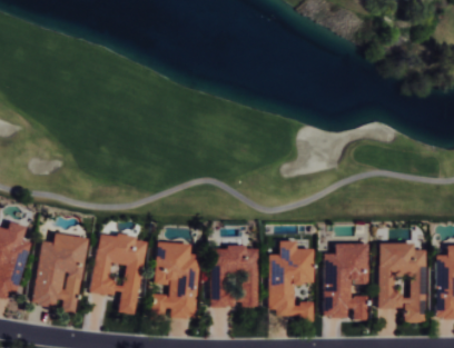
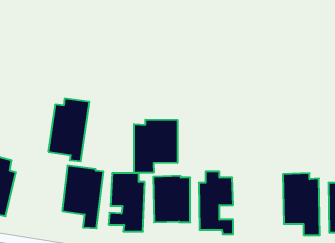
building: none -> [134,120,178,173]
building: [34,232,88,314] -> [48,99,89,161]
building: [324,242,367,320] -> none

